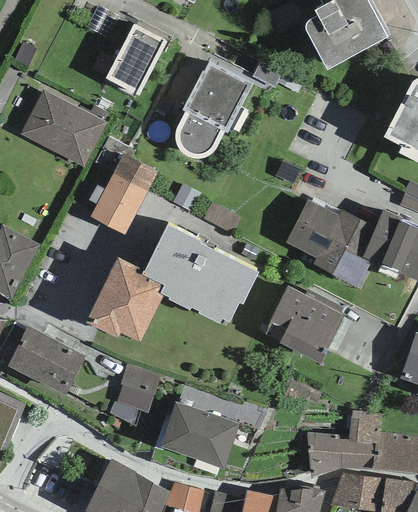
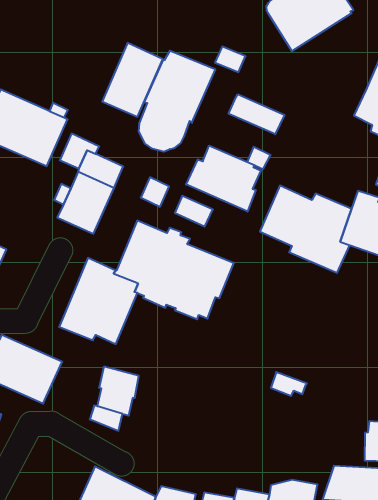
building: [105,23,166,95] -> [102,43,163,117]
building: none -> [229,94,284,134]
building: none -> [186,146,261,212]
building: [265,286,344,363] -> none
building: [160,401,238,469] -> none
building: [307,410,381,478] -> none

